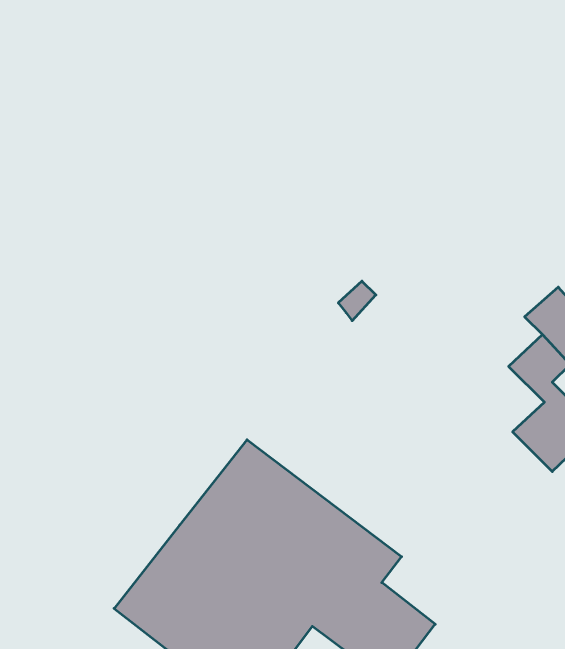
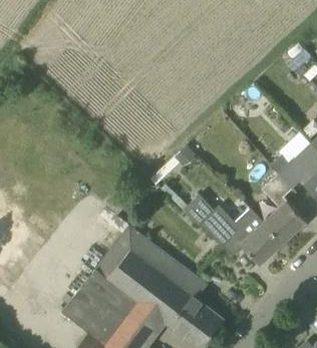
building: none -> [183,194,284,265]

